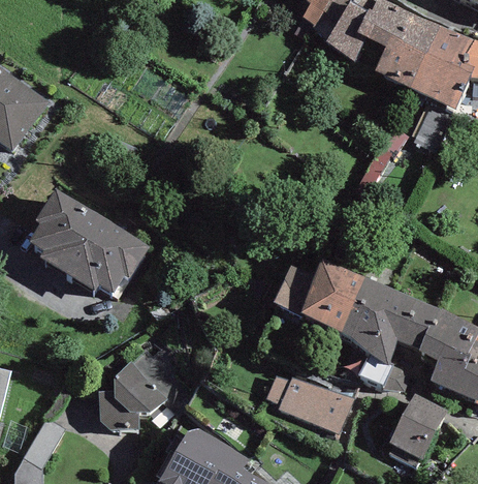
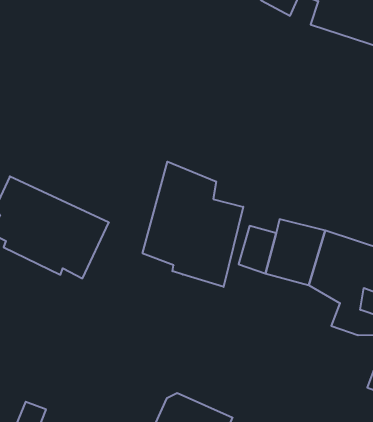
building: none -> [143,162,243,287]
building: [99,363,164,431] -> none
building: [265,374,349,430] -> none

